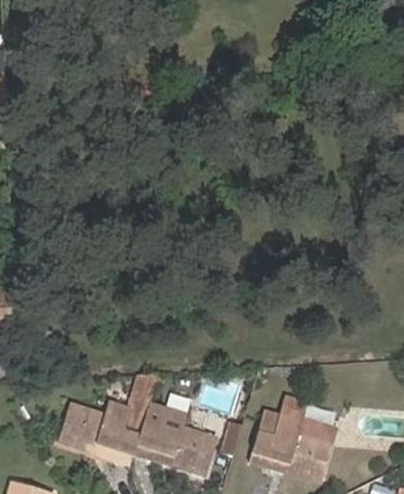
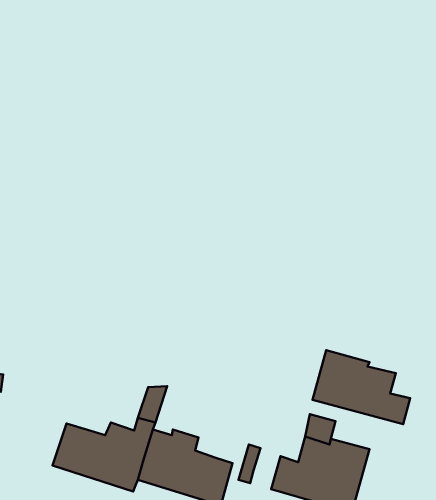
building: none -> [312,350,410,424]

